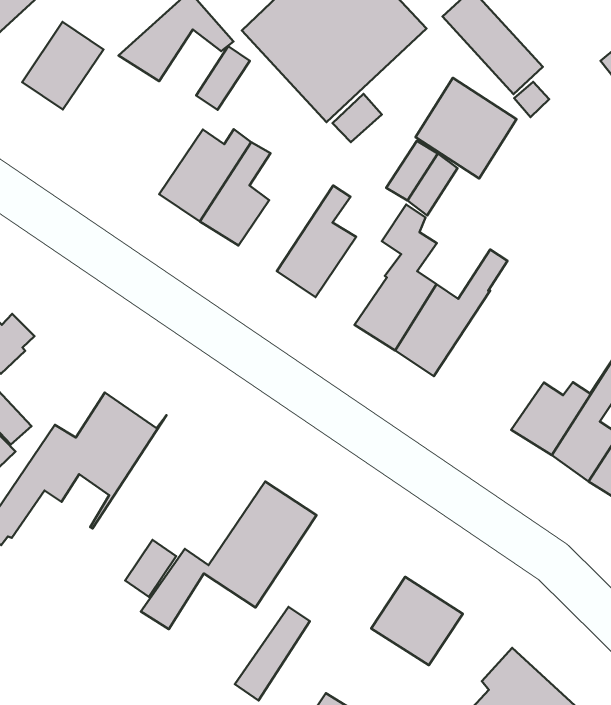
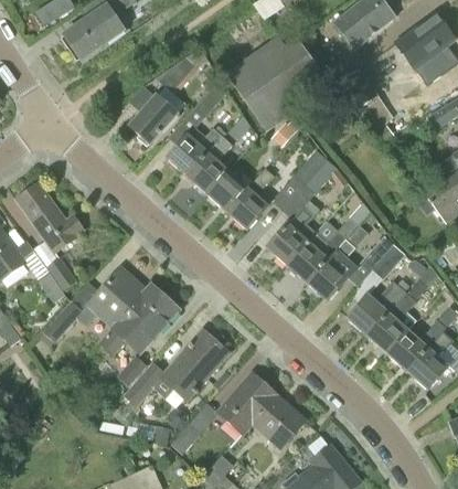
building: [22,22,103,110] -> [128,95,177,145]
building: [415,78,516,178] -> none
building: none -> [206,168,265,212]
building: none -> [361,235,404,279]
building: none -> [307,240,355,301]
building: none -> [102,285,178,353]
building: none -> [219,373,276,433]

